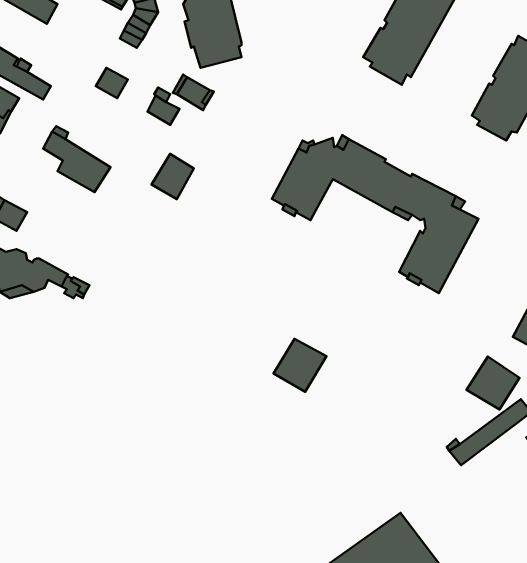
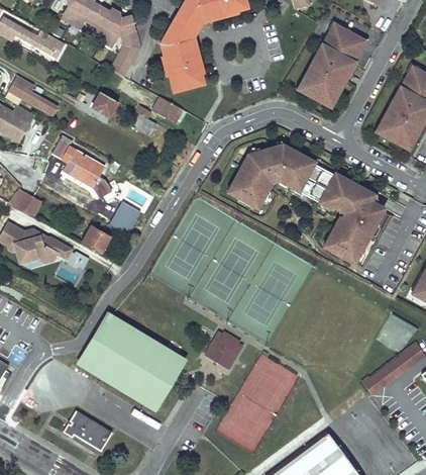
building: [152,154,194,199] -> [107,200,139,234]
building: none -> [82,229,109,254]
building: [273,339,326,392] -> [204,329,244,370]
building: none -> [80,317,182,404]
building: none -> [63,411,111,451]

